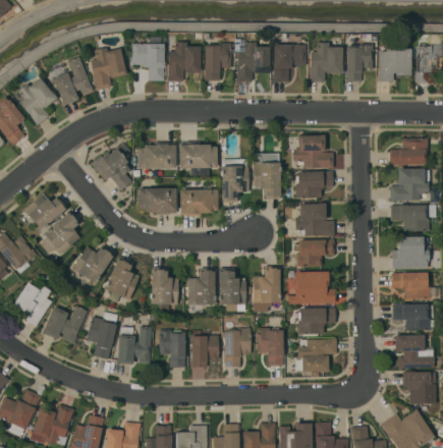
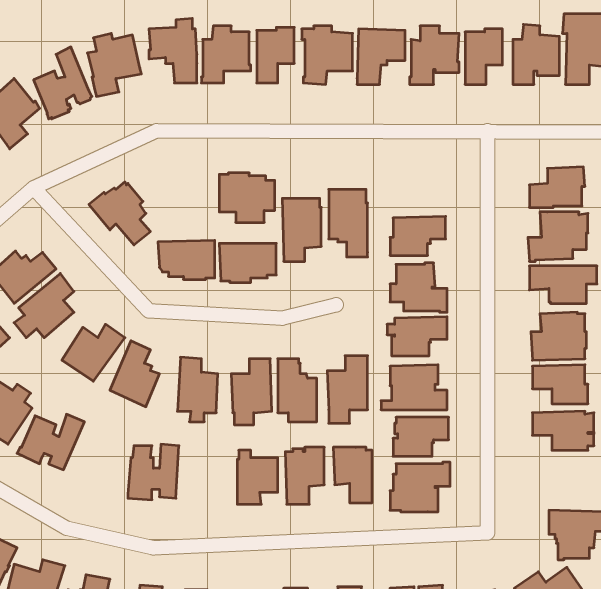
building: [294,134,333,167] -> none
building: [137,142,175,169] -> none
building: [87,312,118,359] -> none
building: [159,330,185,368] -> none
building: [394,335,434,369] -> none

